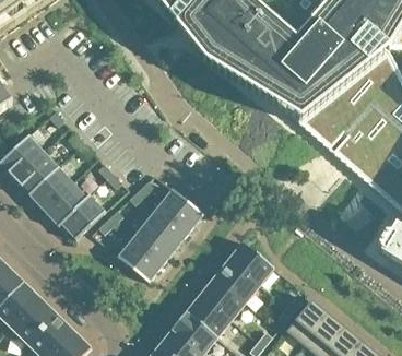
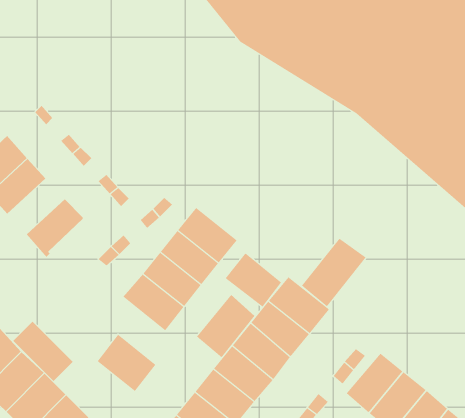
building: [29,166,73,209] -> none
building: [61,193,106,239] -> none
building: none -> [301,238,366,307]
building: none -> [225,253,282,308]
building: none -> [196,294,255,358]
building: none -> [12,321,74,382]
building: none -> [97,334,156,392]

